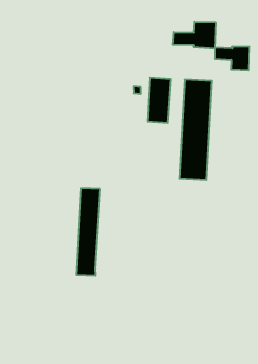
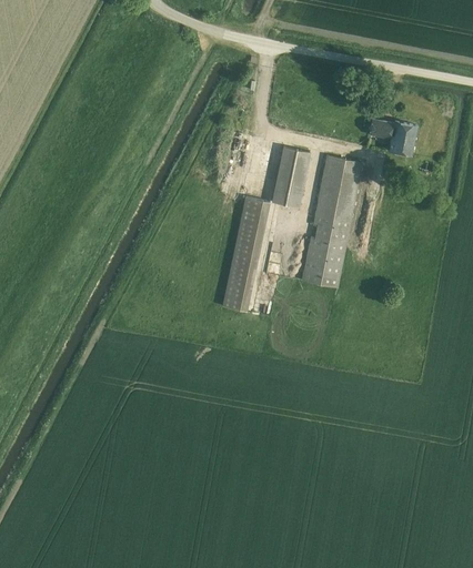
building: [173,22,216,49] -> none
building: [76,188,100,276] -> [223,197,270,312]

